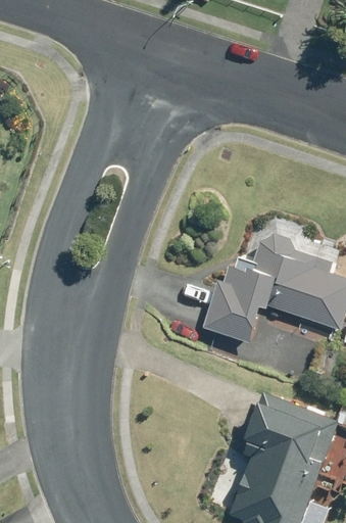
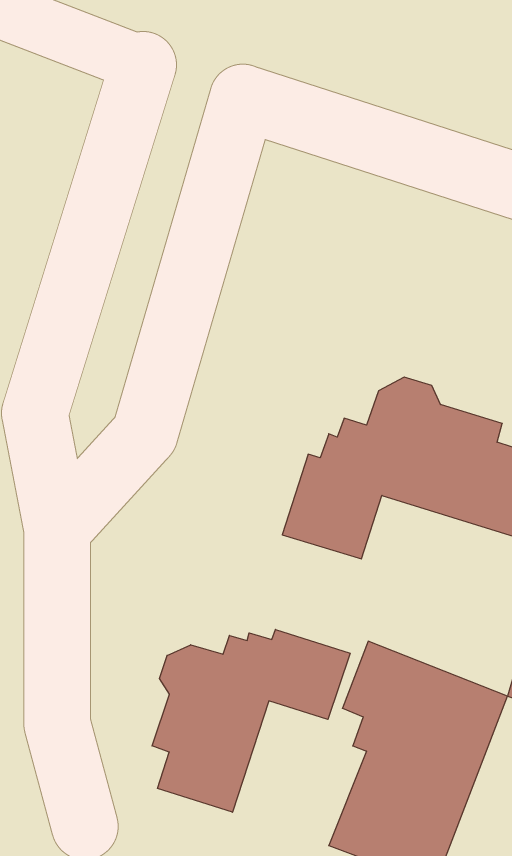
building: none -> [152,629,350,812]

